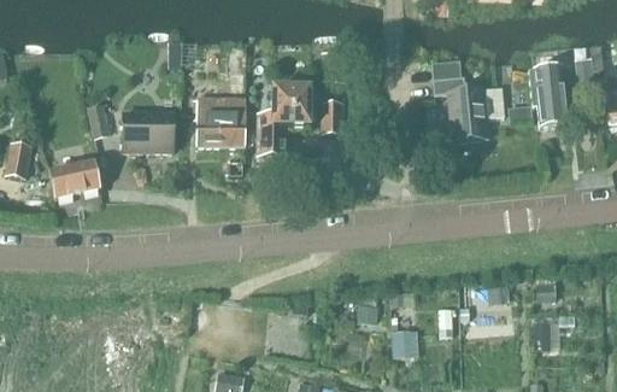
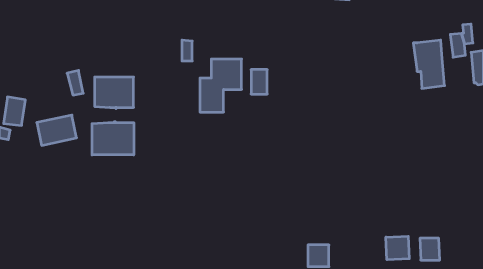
building: [429,63,503,142] -> none
building: [193,99,243,147] -> none
building: none -> [92,122,134,155]
building: none -> [386,236,409,260]

